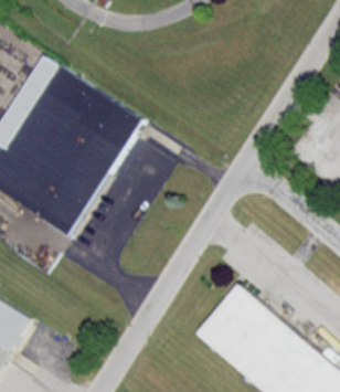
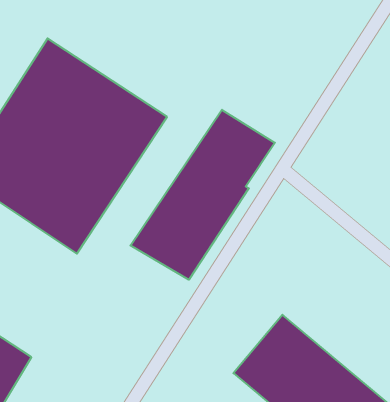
building: none -> [130,110,275,280]

